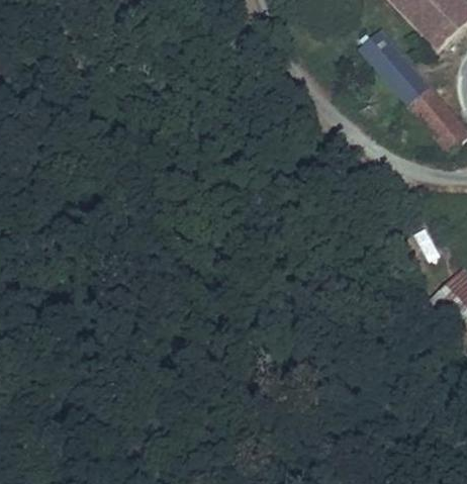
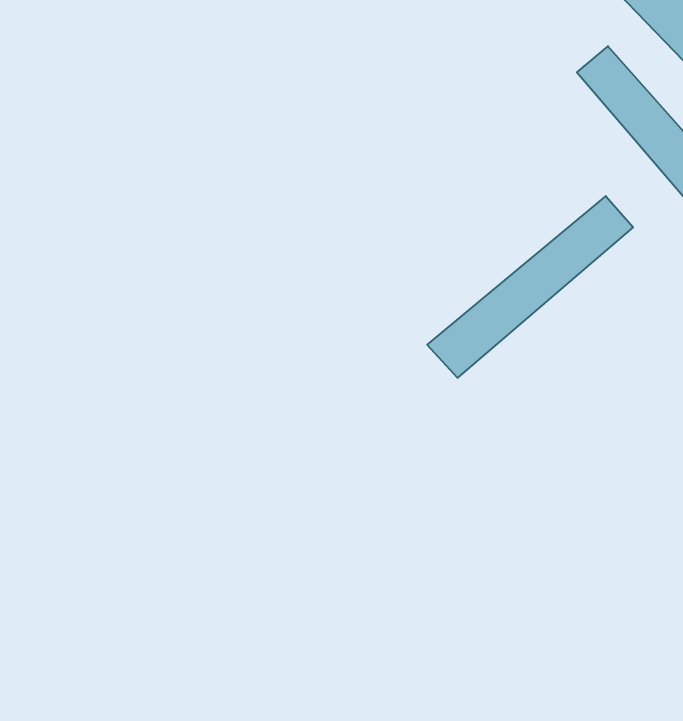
building: none -> [427,196,633,378]

